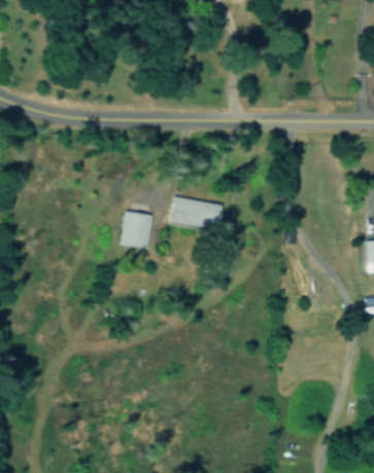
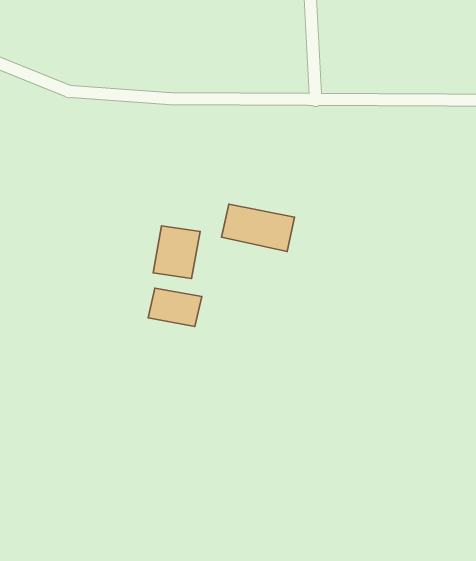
building: none -> [148,288,202,326]

